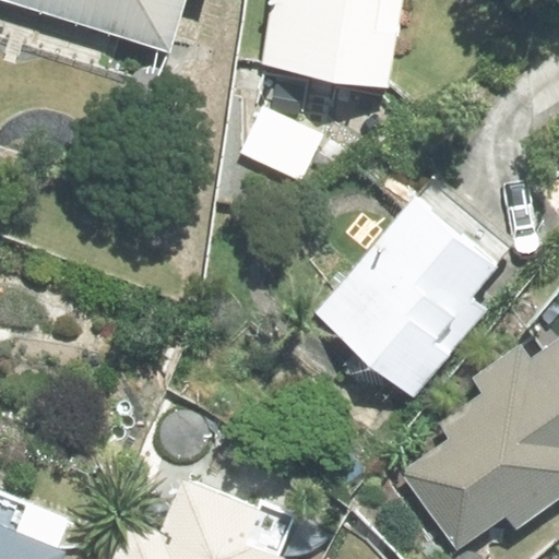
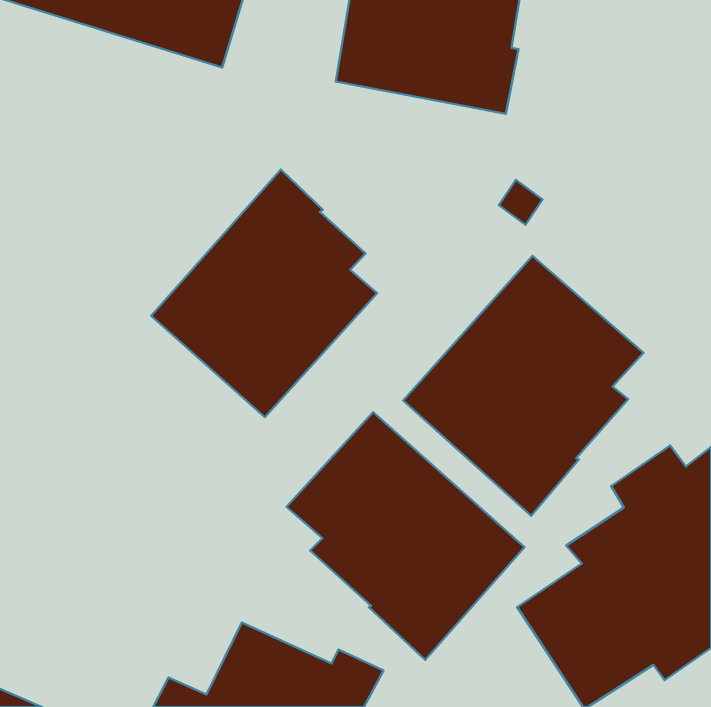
building: none -> [151,170,377,417]
building: none -> [287,412,525,660]

